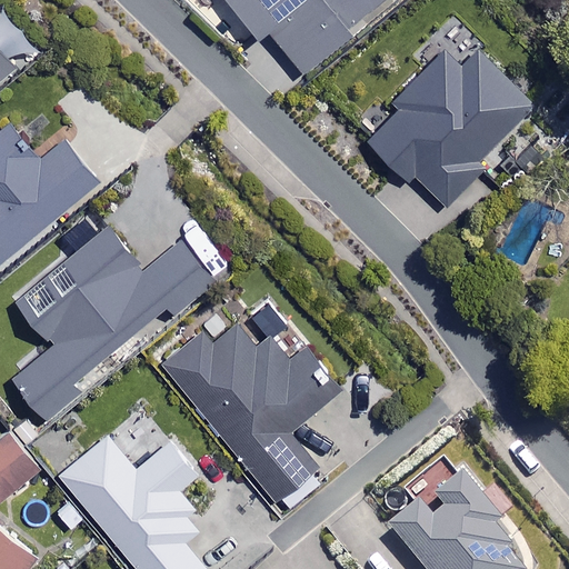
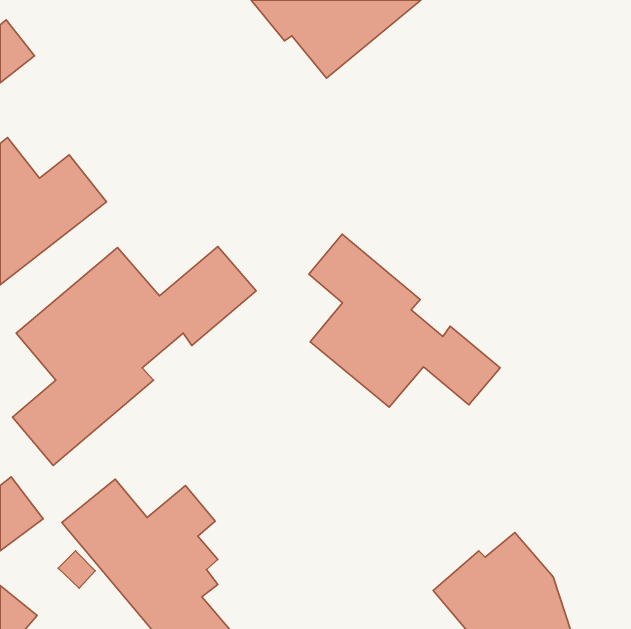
building: [369,51,531,207] -> none
building: none -> [309,234,500,407]
building: [159,325,342,511] -> none

